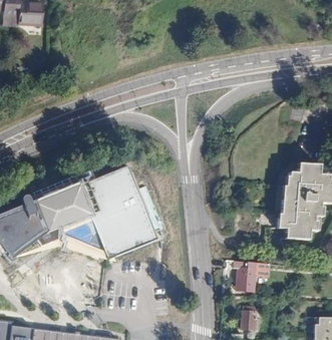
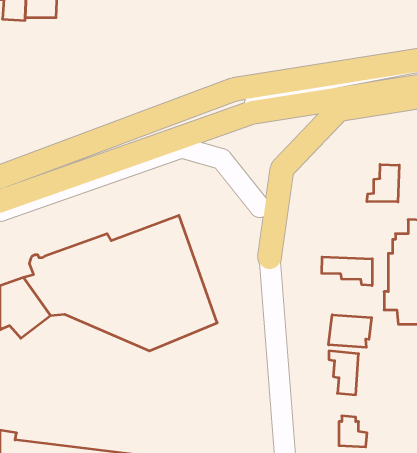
building: none -> [367,164,399,202]
building: none -> [322,257,372,286]
building: none -> [329,315,372,347]

